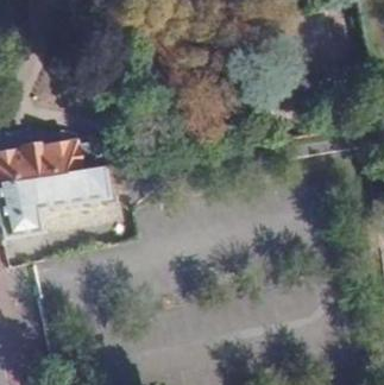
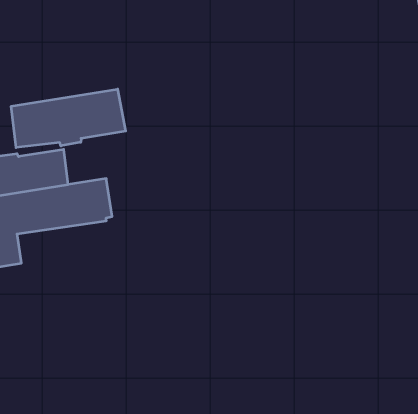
building: none -> [11,89,126,148]

